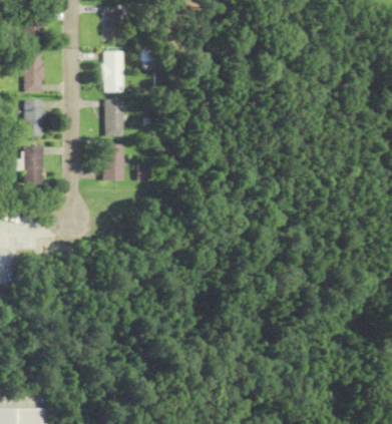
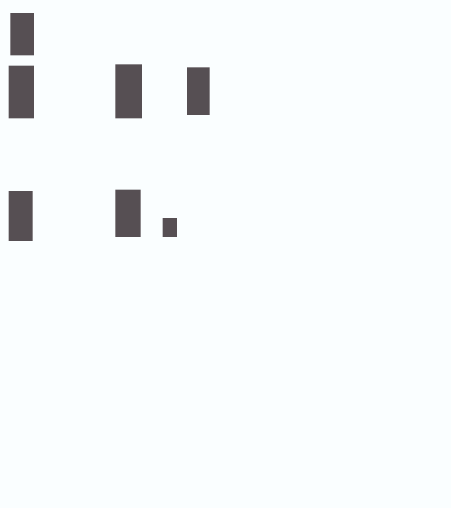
building: [107,8,122,34] -> none
building: [24,99,45,135] -> none
building: [105,99,123,135] -> [186,67,210,115]

